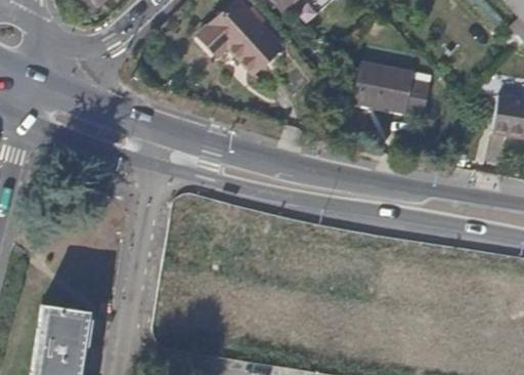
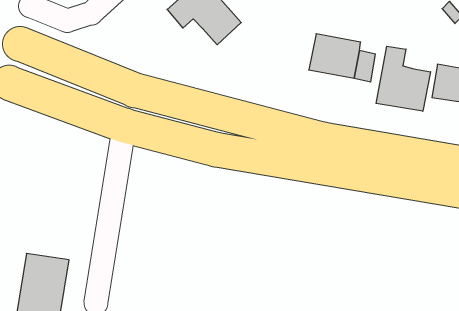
building: none -> [376,46,431,111]

